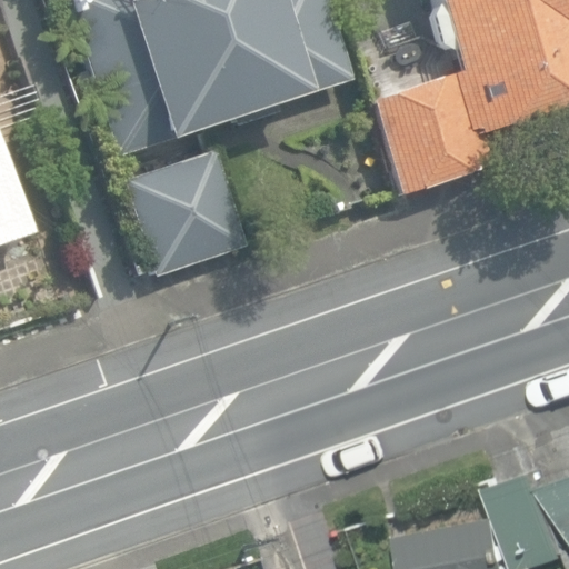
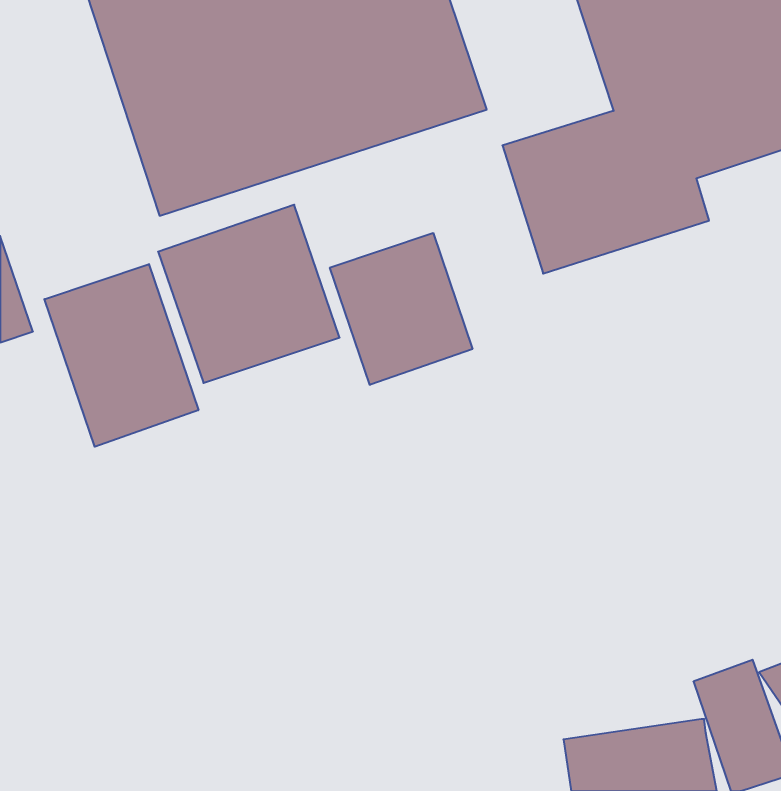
building: none -> [330,233,472,385]
building: none -> [44,264,198,447]

